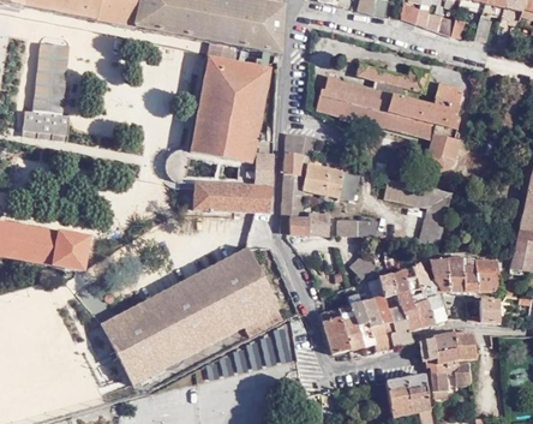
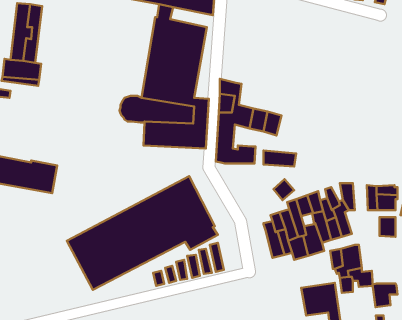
building: [316,62,461,173] -> none
building: [385,178,453,251] -> none
building: [447,256,465,289] -> none
building: [323,313,349,351] -> none
building: [454,330,484,359] -> [373,283,397,307]

